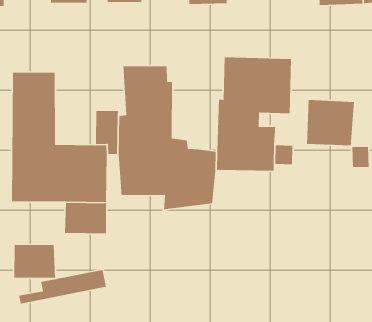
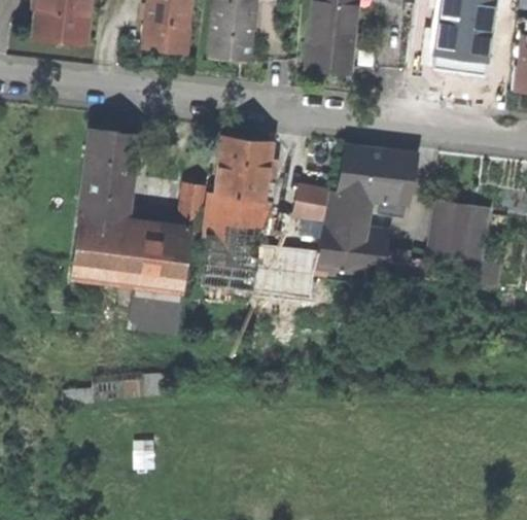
building: none -> [293,182,328,247]
building: [14,244,56,279] -> none

